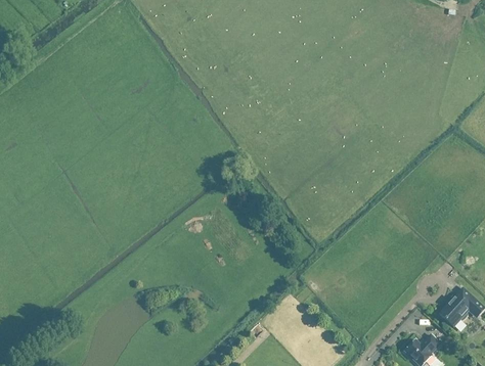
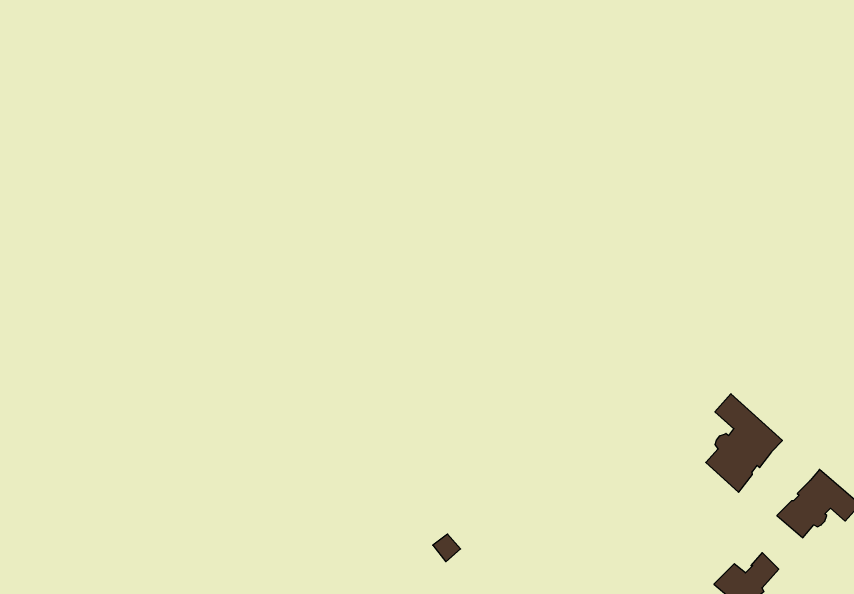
building: none -> [706,394,782,492]

